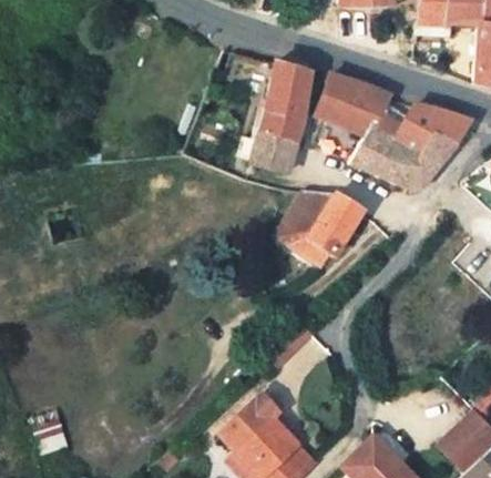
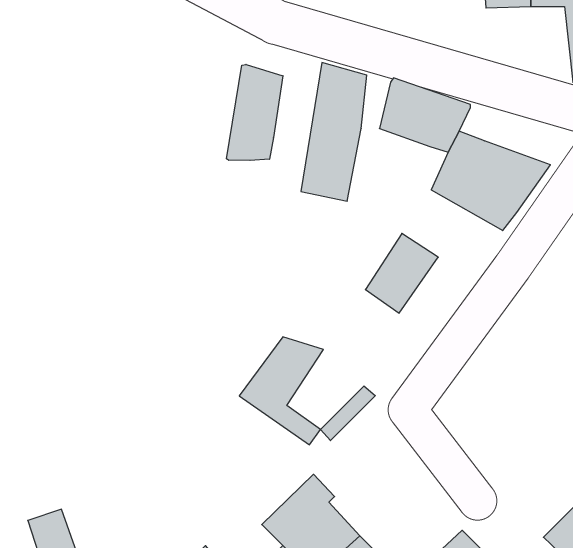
building: none -> [227,64,283,160]
building: [402,103,467,144] -> none
building: [270,189,337,274] -> [239,337,323,445]

